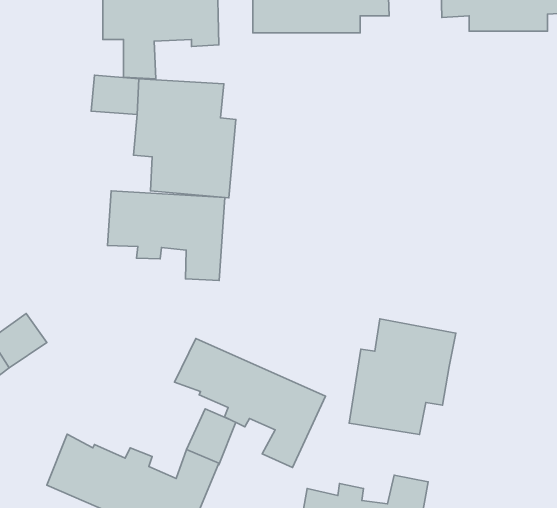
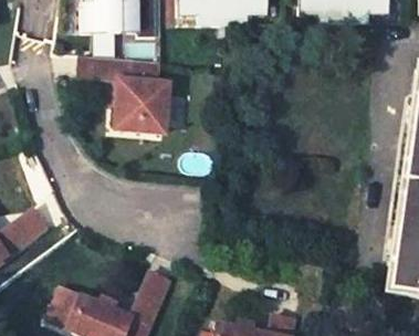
building: [108,191,225,280] -> none
building: [349,319,456,434] -> none
building: [175,338,325,468] -> none

